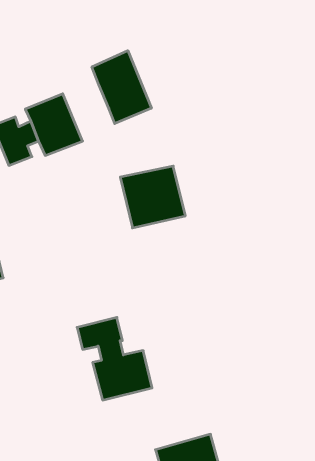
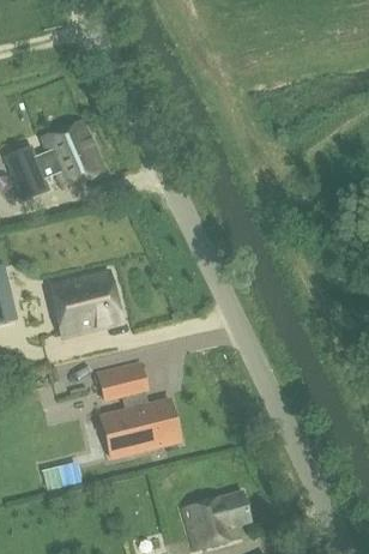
building: [92,51,151,124] -> none
building: [120,166,185,228] -> [50,269,121,336]

